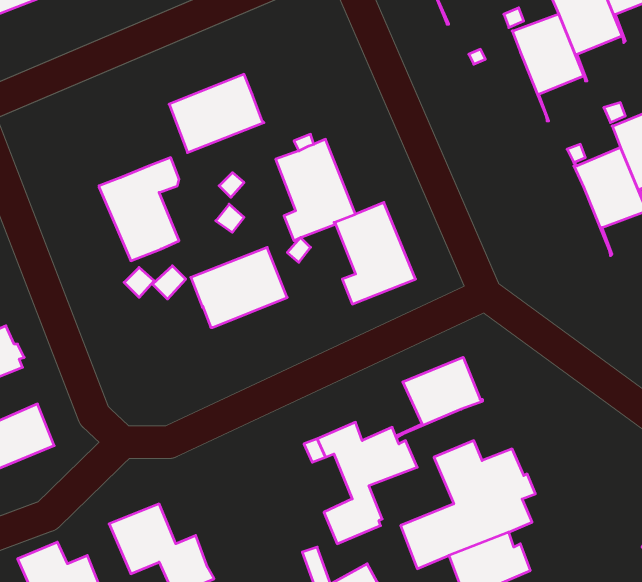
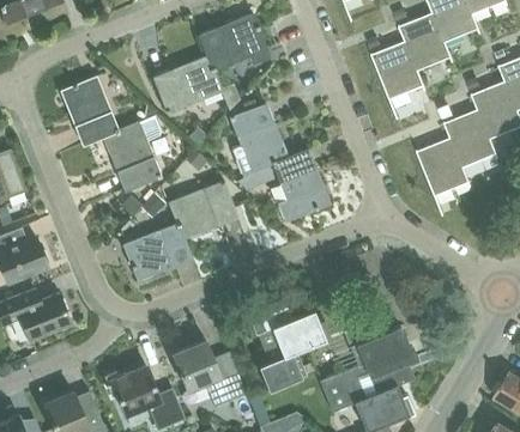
building: none -> [198,13,270,71]
building: none -> [371,41,423,118]
building: none -> [60,77,117,146]
building: none -> [416,138,468,215]
building: none -> [122,223,192,281]
building: [398,357,482,437] -> none
building: none -> [171,340,246,407]

